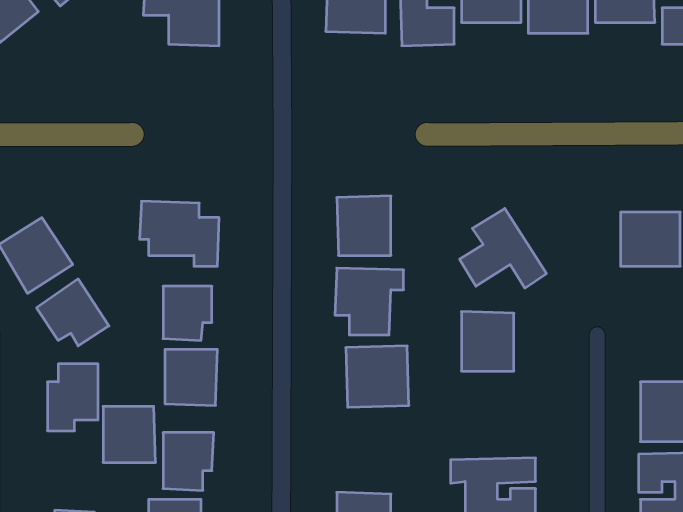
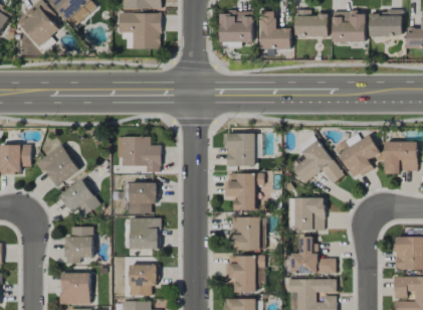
building: none -> [336,134,380,179]
building: none -> [291,237,336,274]
building: [103,406,156,462] -> [61,273,90,304]
building: none -> [226,256,265,293]

